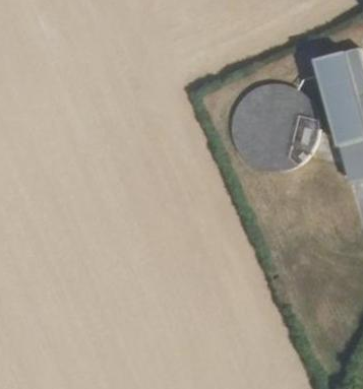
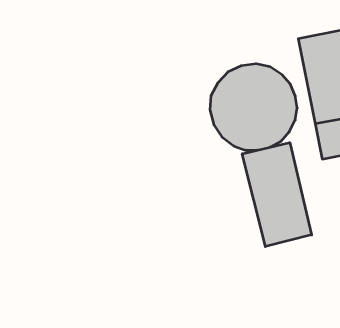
building: none -> [242,143,312,247]

